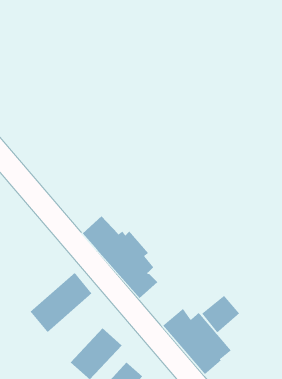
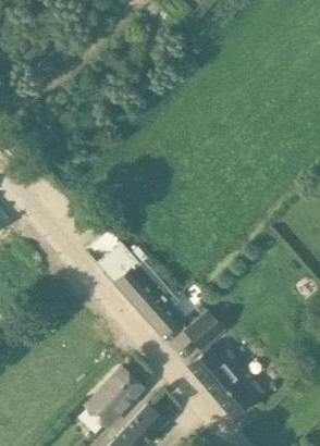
building: [29,272,93,333] -> none
building: [201,295,240,333] -> [183,310,225,352]

